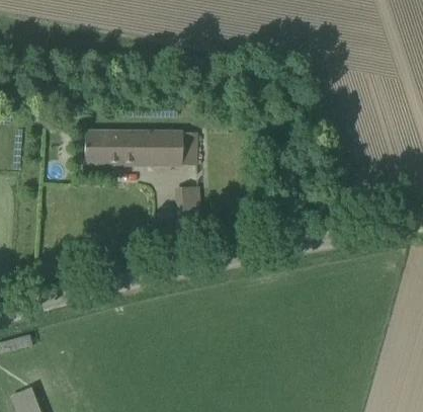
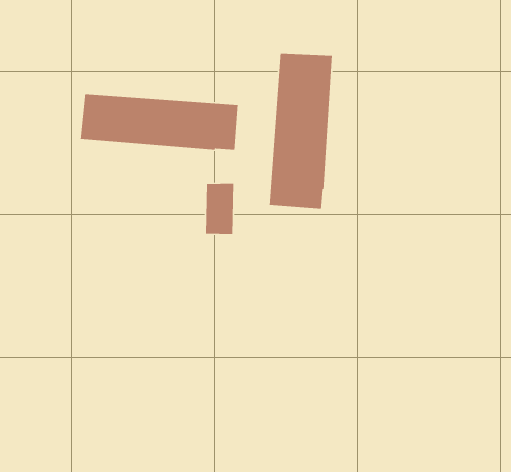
building: none -> [269,53,333,209]

